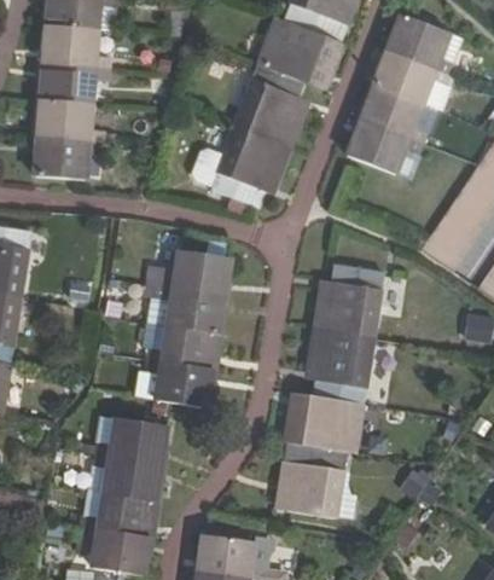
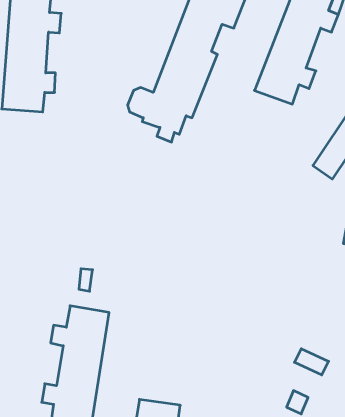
building: [147,250,232,407] -> none
building: [284,262,385,516] -> none

